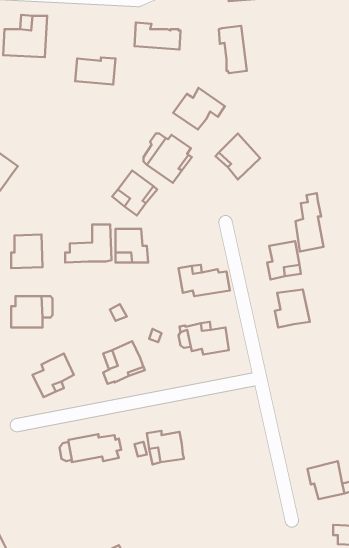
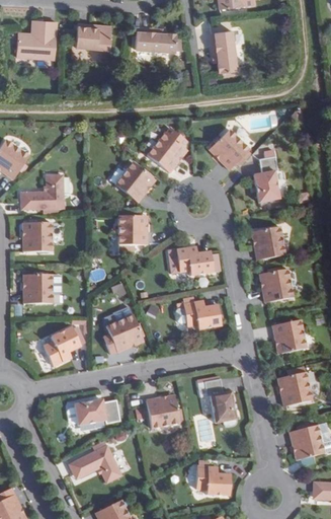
building: [75,57,115,84] -> [75,25,111,50]
building: [173,88,225,130] -> none
building: [295,193,323,251] -> [254,148,279,201]
building: [65,224,111,263] -> [21,175,63,210]
building: none -> [270,318,304,352]
building: none -> [280,370,312,404]
building: none -> [203,379,236,423]
building: none -> [69,446,120,484]
building: none -> [191,466,227,493]

